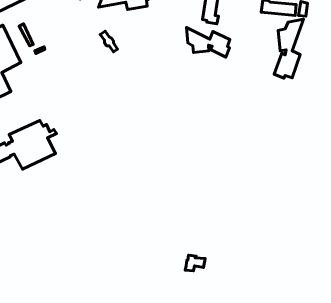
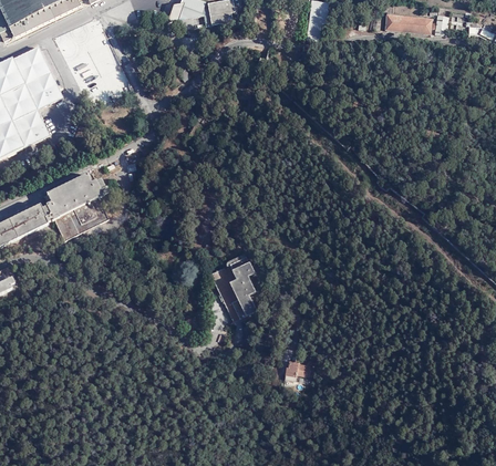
building: [274,19,303,78] -> none
building: [187,28,230,57] -> none
building: none -> [211,253,258,319]

